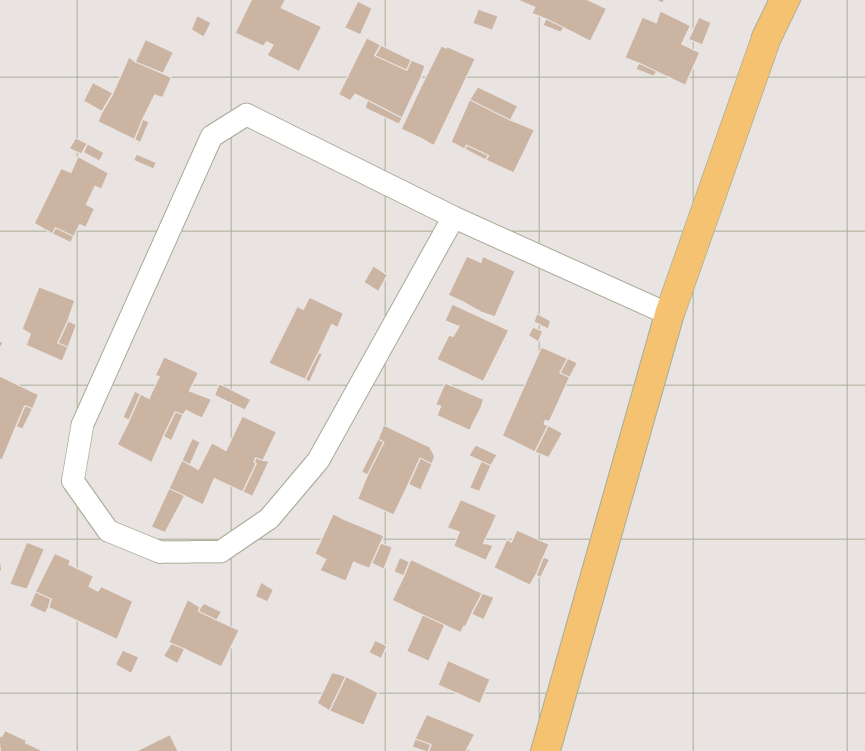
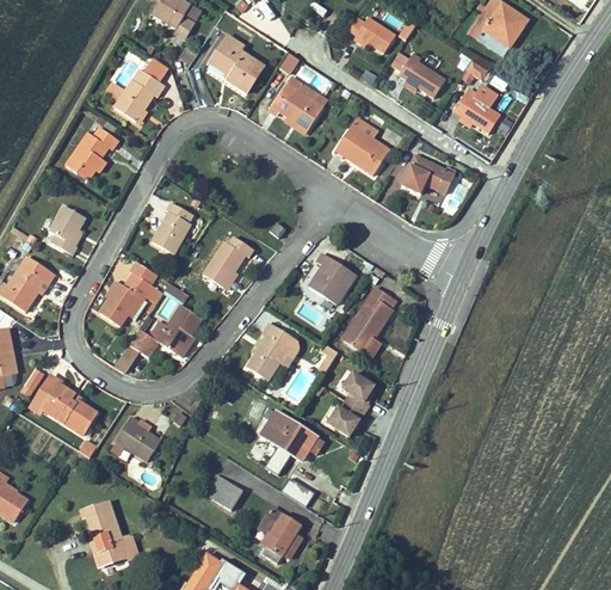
building: [401,46,475,145] -> none
building: none -> [402,155,455,192]
building: [448,256,515,317] -> none
building: none -> [152,202,193,253]
building: [436,383,483,431] -> none
building: [447,499,497,560] -> [342,371,375,412]
building: [315,514,384,581] -> none

